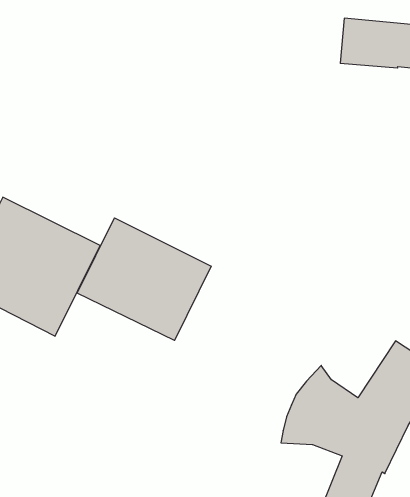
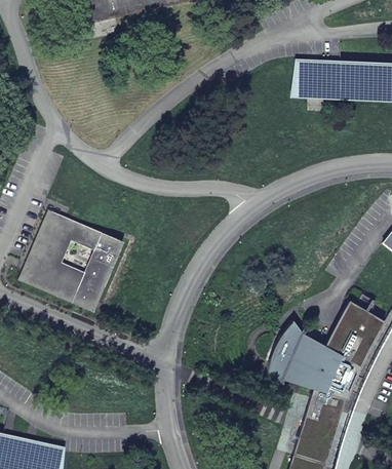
building: [77,218,211,340] -> none

